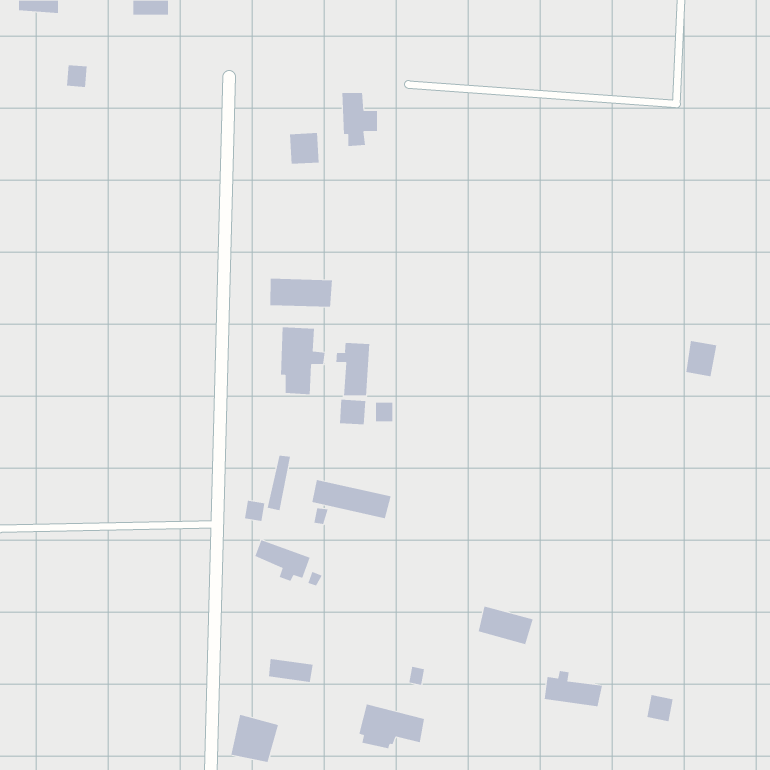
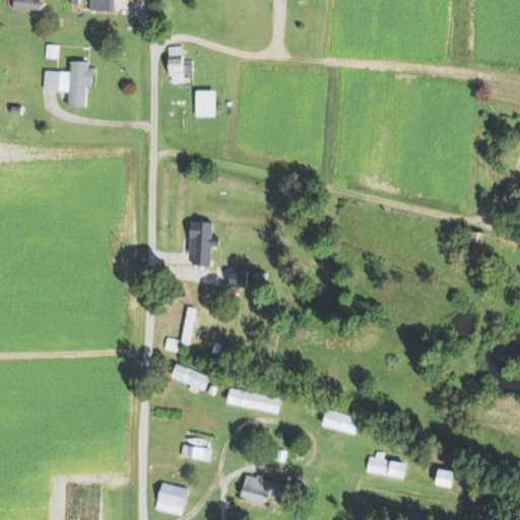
building: none -> [42,60,92,108]
building: [342,92,378,147] -> [168,47,192,83]
building: [270,278,333,307] -> none
building: [336,342,370,396] -> none
building: [312,480,391,519] -> [226,387,280,413]

